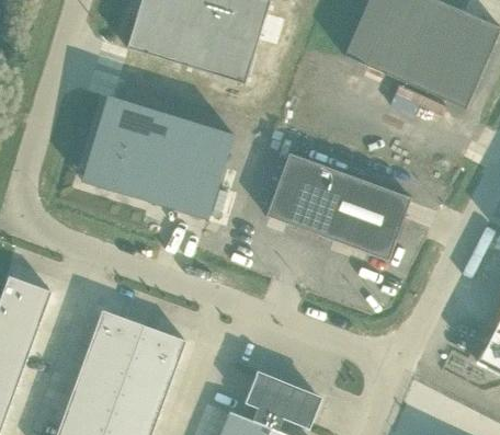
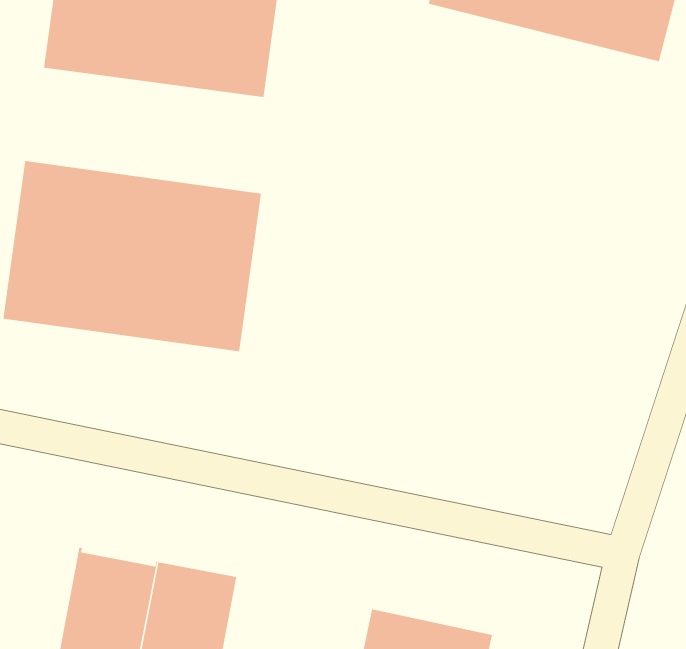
building: [266,152,411,260] -> none

